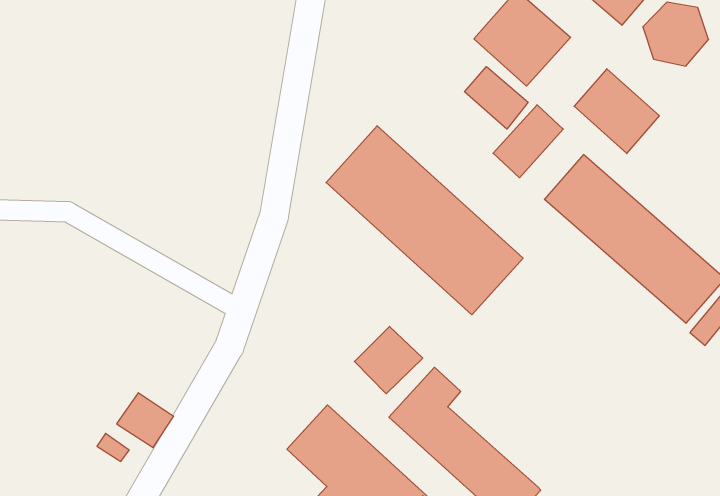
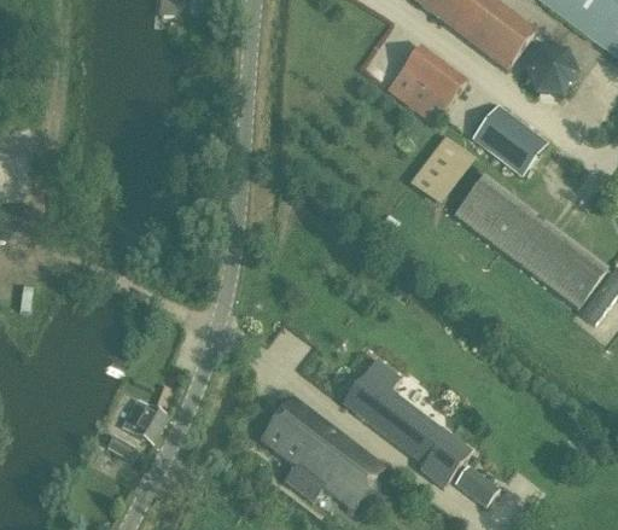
building: [465,67,528,129] -> none
building: [326,126,523,315] -> none
building: [354,326,423,394] -> none

